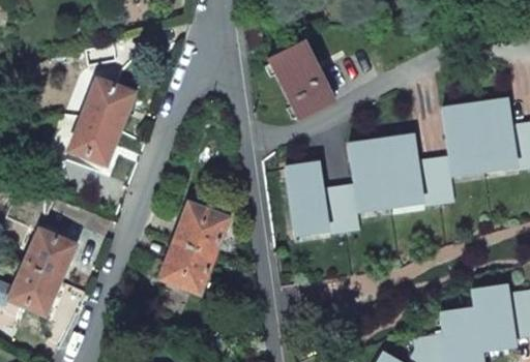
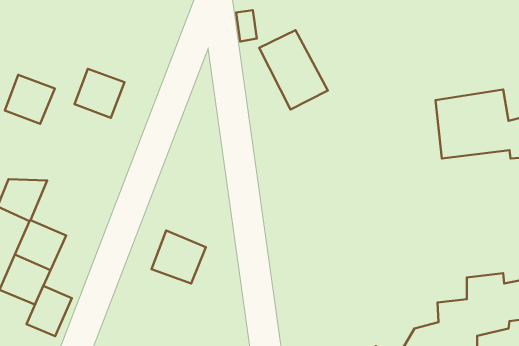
building: [70,116,120,164] -> [5,75,55,124]
building: [283,133,452,237] -> none
building: [175,204,229,258] -> none
building: none -> [26,286,72,336]

